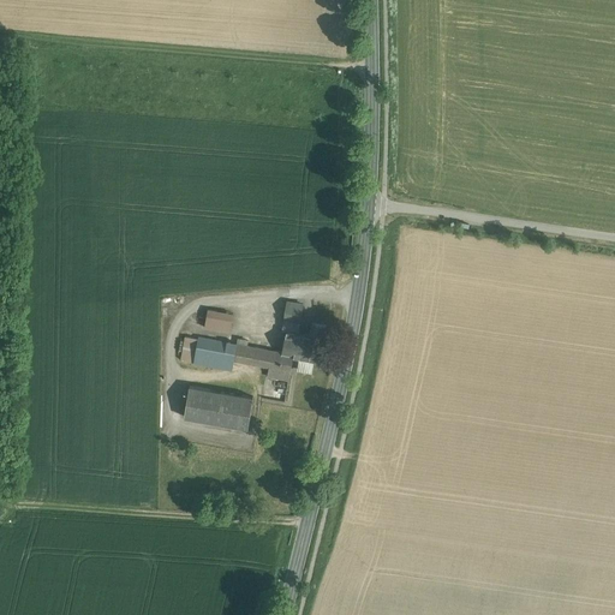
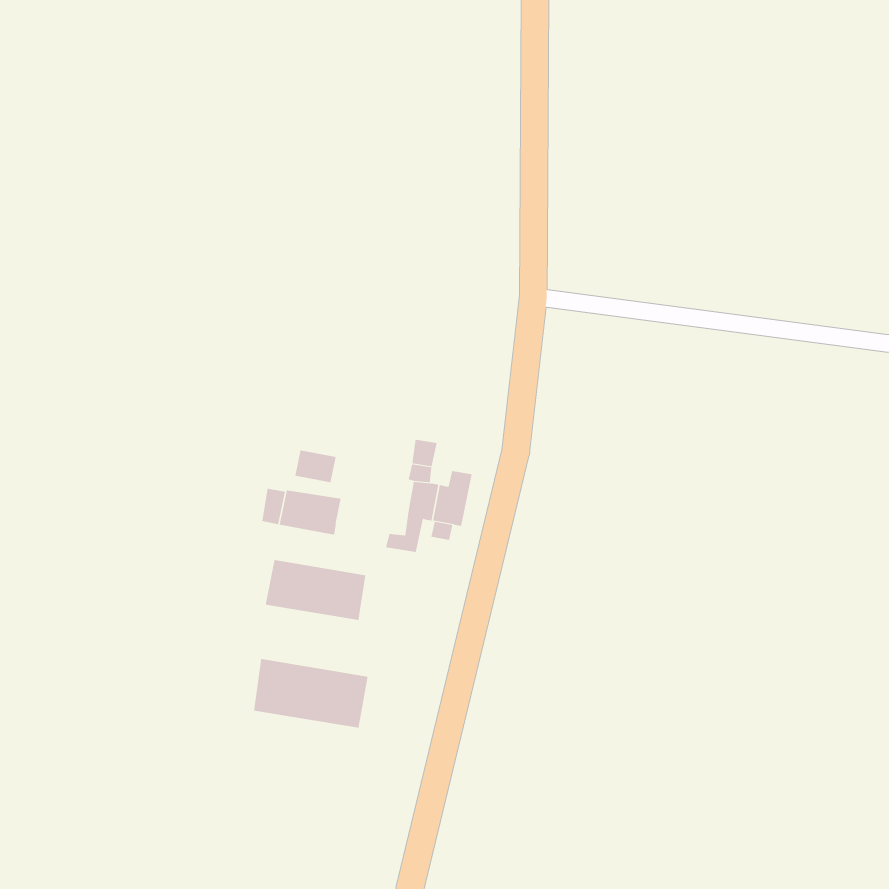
building: [232,345,281,370] -> none
building: none -> [253,658,368,729]

